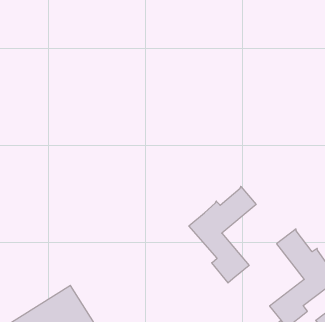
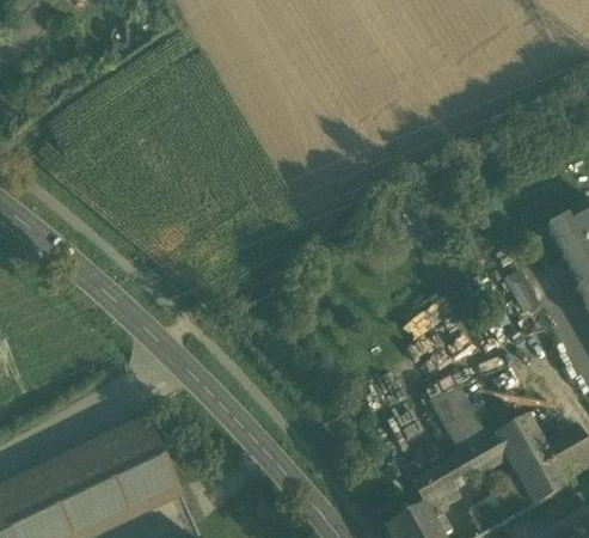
building: [189,186,256,283] -> none

